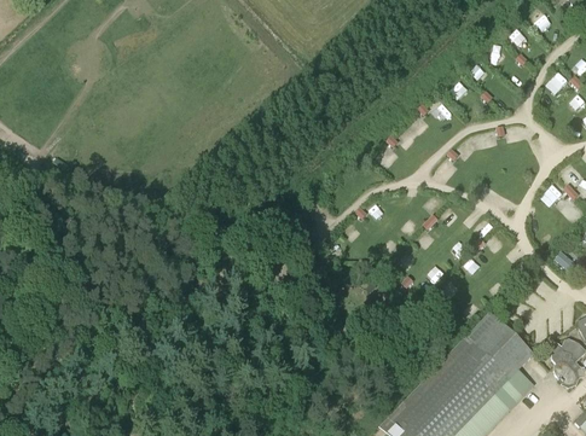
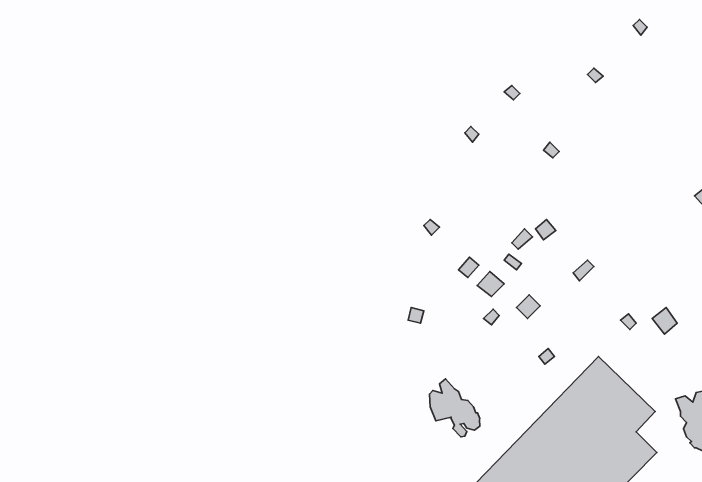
building: none -> [429,379,480,437]

